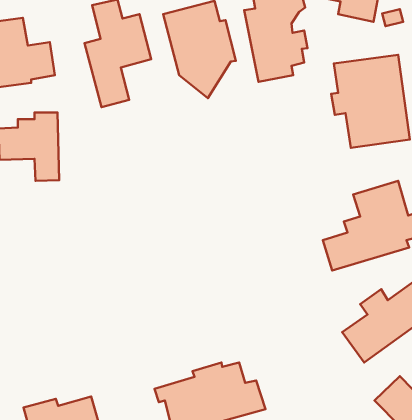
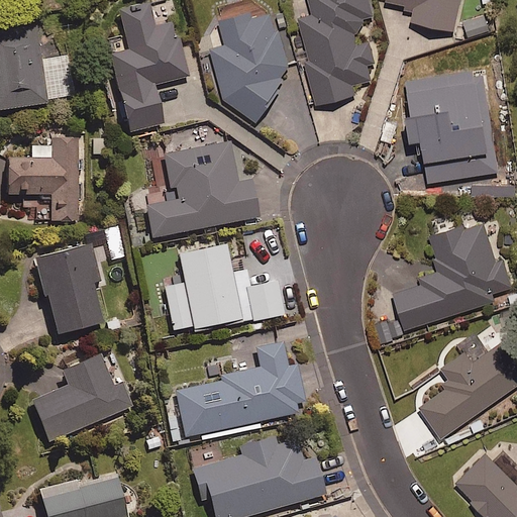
building: none -> [144,142,258,238]
building: none -> [34,245,103,337]
building: none -> [164,245,298,339]
building: none -> [173,343,304,442]
building: none -> [29,357,131,452]

